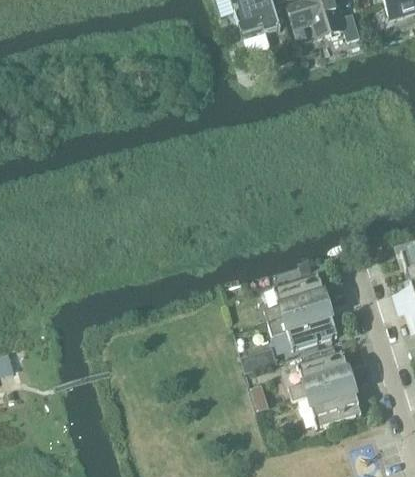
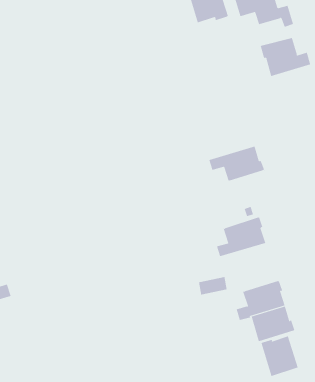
building: none -> [260,36,311,77]
building: [269,304,338,348] -> [209,146,265,182]
building: none -> [259,336,299,377]

